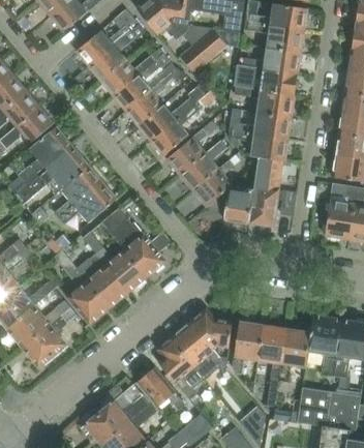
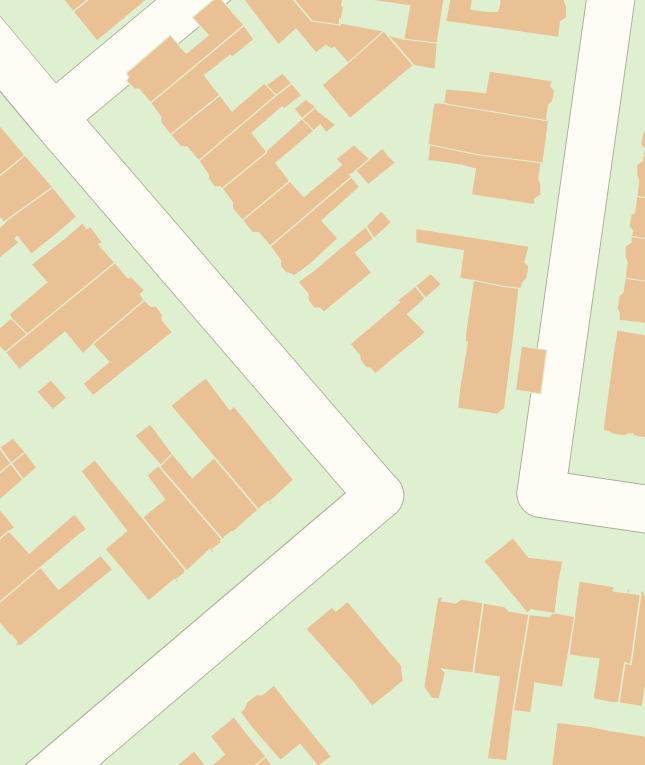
building: [242,22,303,53] -> none
building: [228,108,291,139] -> none
building: [180,136,226,189] -> none
building: [60,183,115,222] -> none
building: [207,185,254,222] -> none
building: [22,306,77,365] -> none
building: [190,308,232,348] -> [483,538,563,613]
building: [157,337,205,399] -> none

